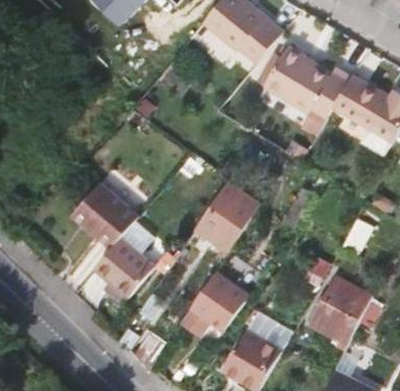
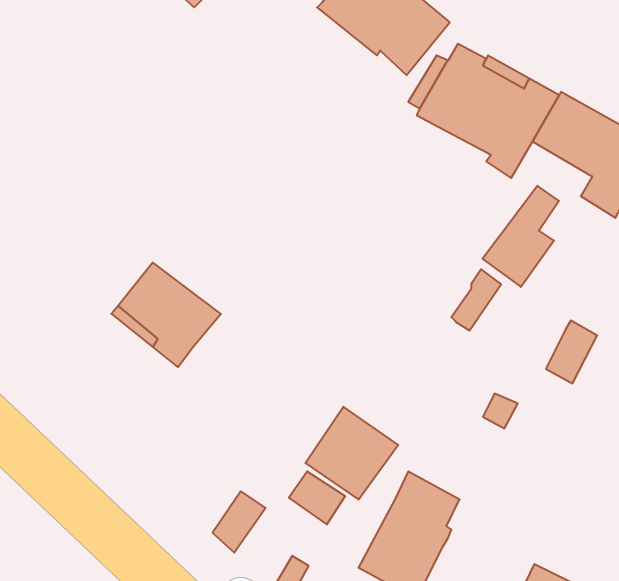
building: [199,182,247,245] -> [483,186,559,287]
building: [95,234,156,300] -> none
building: [309,277,370,348] -> none

